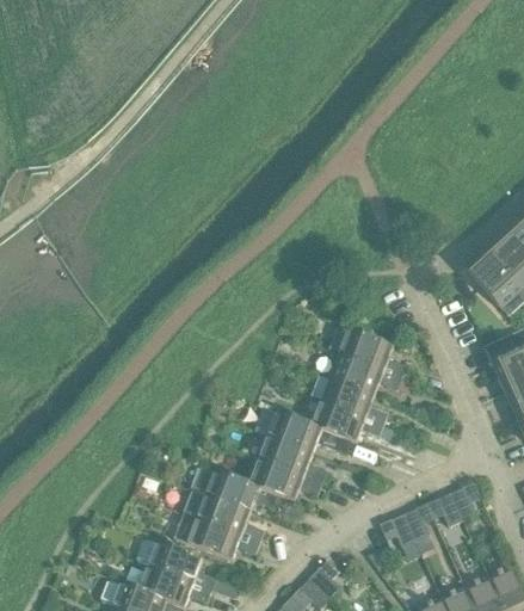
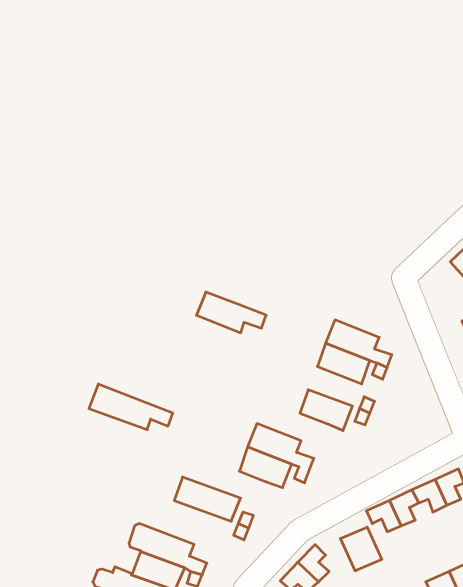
building: [320,377,375,418] -> none
building: [267,412,339,453] -> [196,292,266,333]
building: [191,465,277,512] -> [89,384,173,430]
building: [173,514,241,560] -> none
building: none -> [340,527,382,571]

